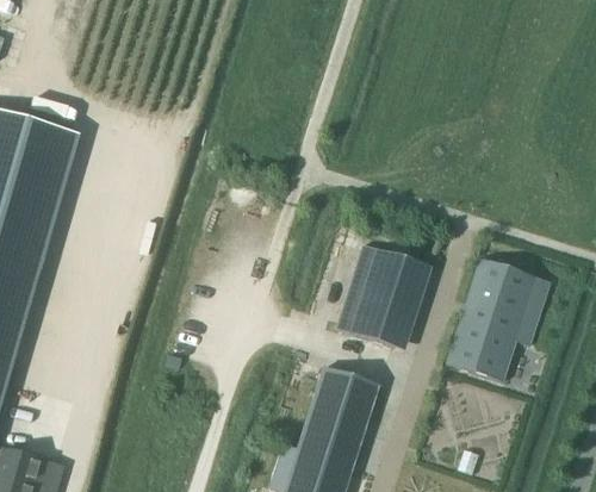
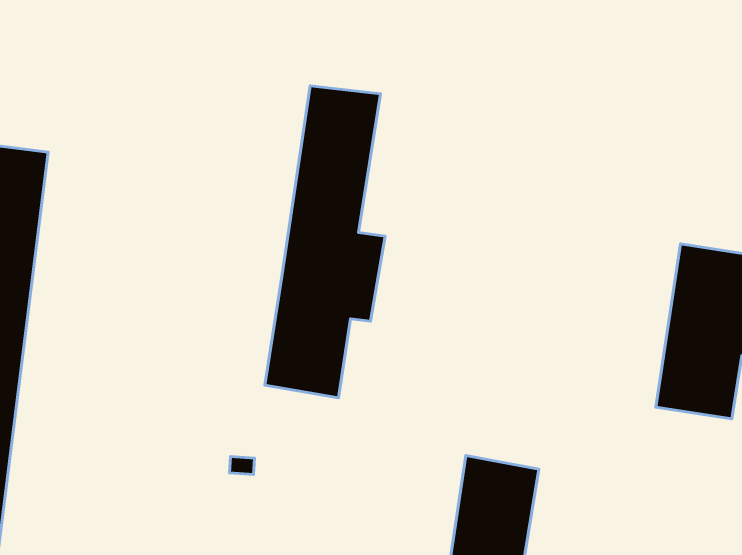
building: none -> [265,86,385,398]
building: [340,249,427,349] -> none

